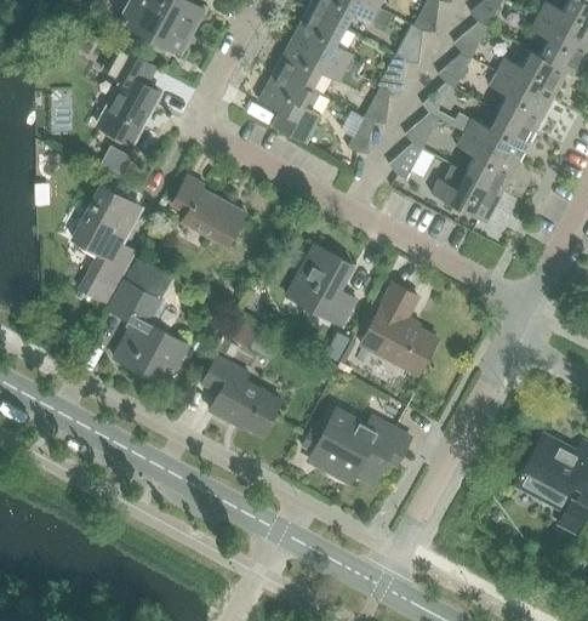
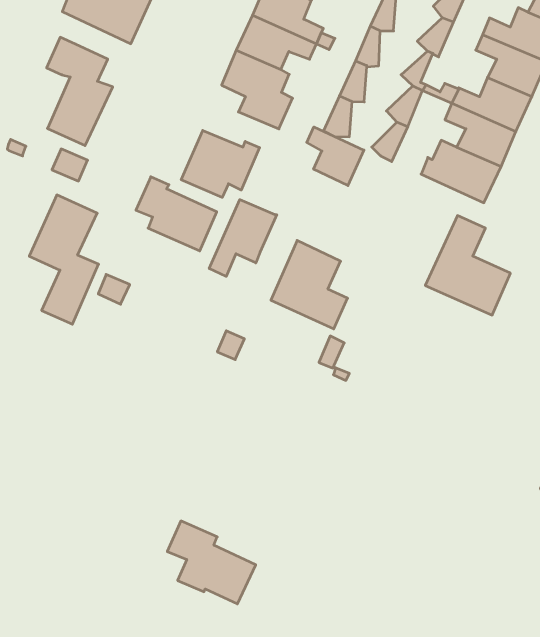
building: none -> [181,130,260,197]
building: none -> [307,127,364,186]
building: none -> [209,200,277,276]
building: [109,281,188,381] -> none
building: [359,283,436,375] -> [425,216,510,315]
building: [202,357,281,435] -> [167,521,256,604]
building: [301,405,413,486] -> none

